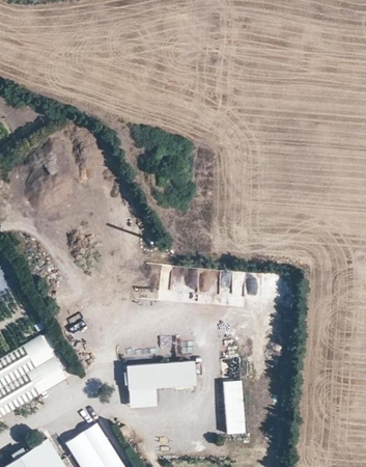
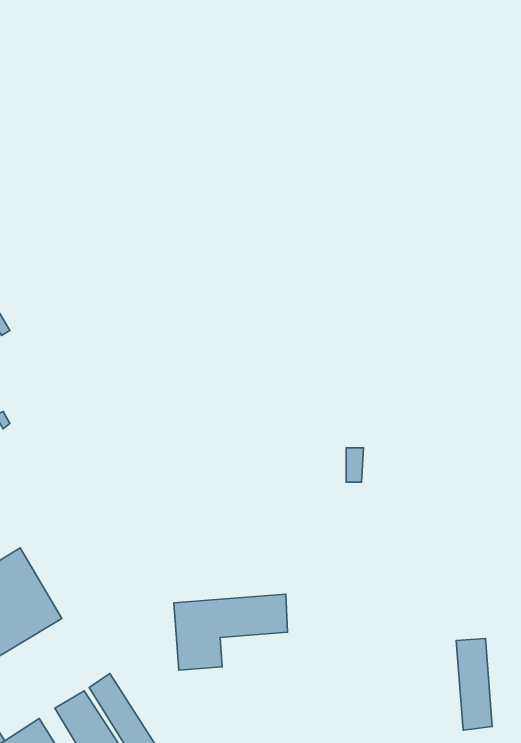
building: [224,381,246,436] -> [456,639,492,730]

